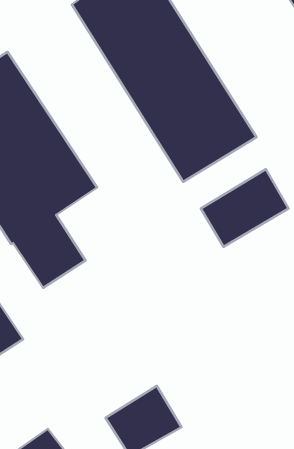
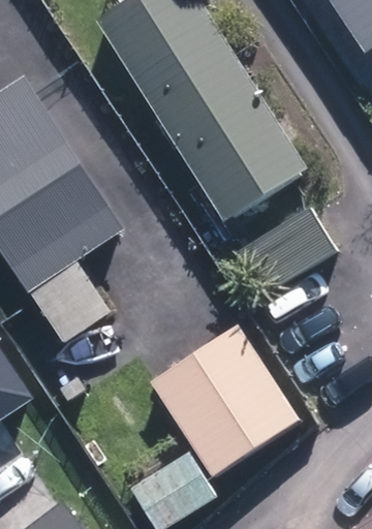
building: none -> [153,325,301,475]

